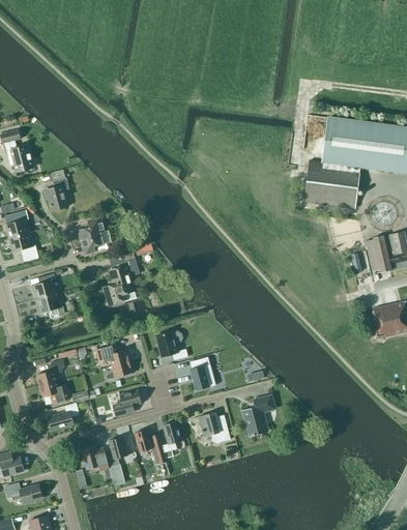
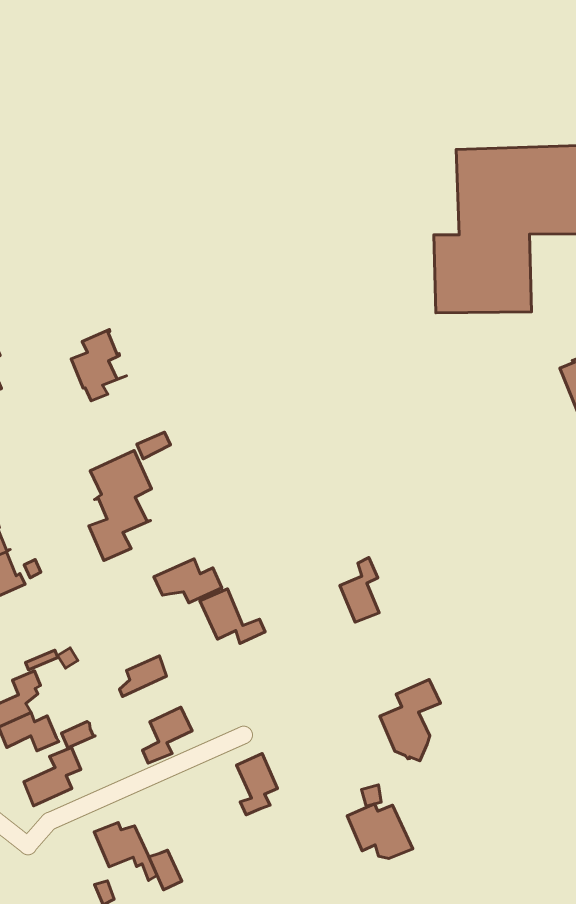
building: [79,216,107,253] -> [71,329,126,401]
building: [94,343,129,365] -> [154,559,222,603]
building: [190,356,210,389] -> [340,558,379,622]
building: [198,412,230,442] -> [347,804,413,858]
building: [134,429,164,459] -> none
building: [105,437,126,466] -> none

